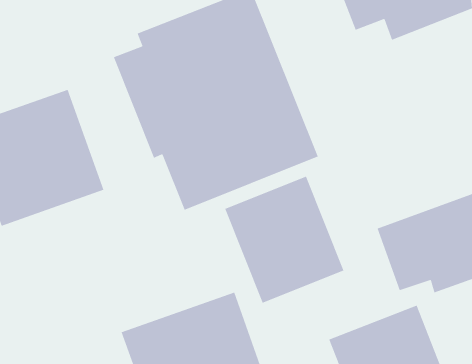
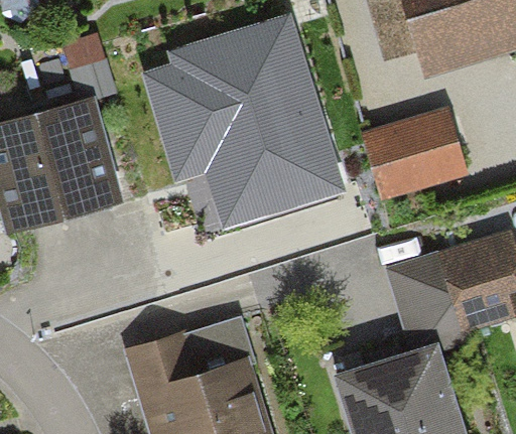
building: none -> [369,112,468,195]
building: [224,176,344,304] -> none

